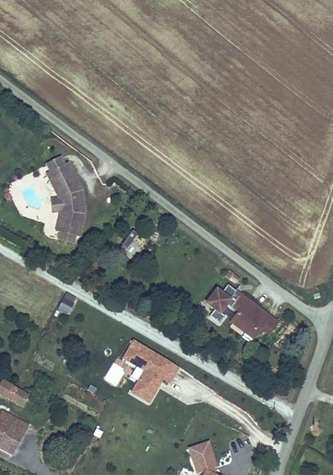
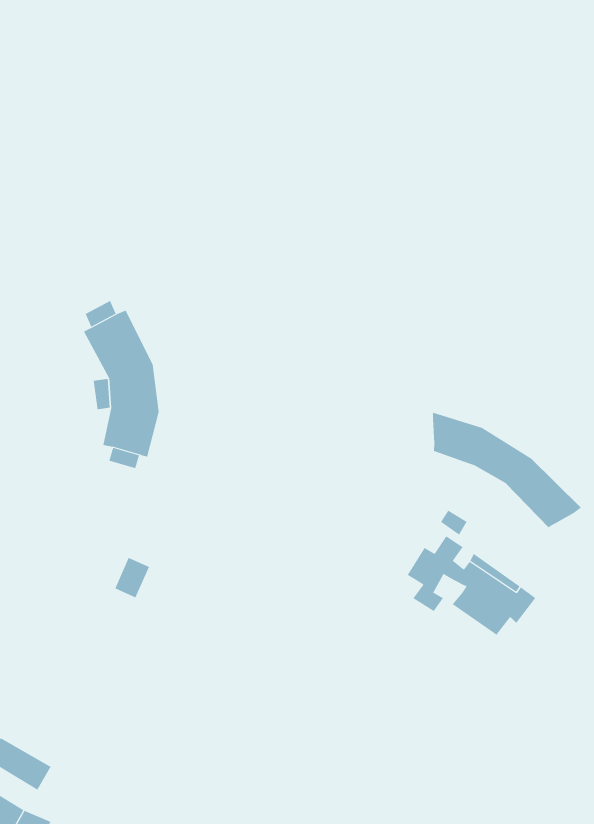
building: none -> [432,412,582,528]
building: [119,339,178,404] -> none

